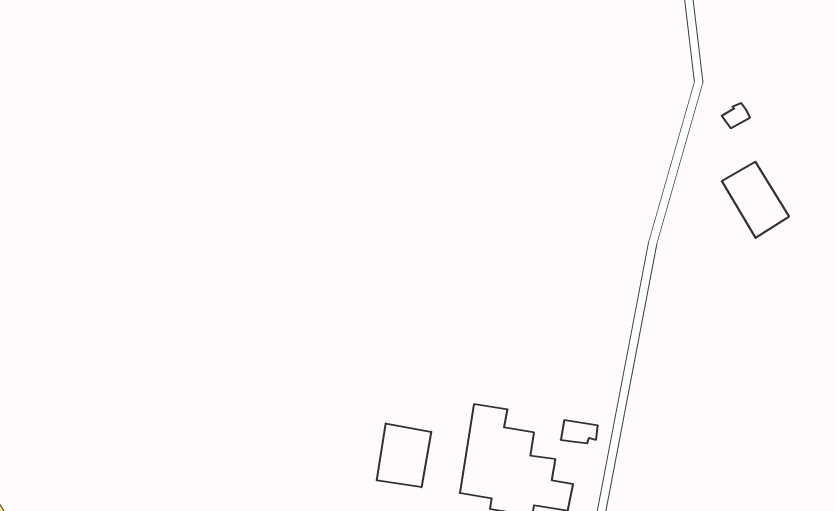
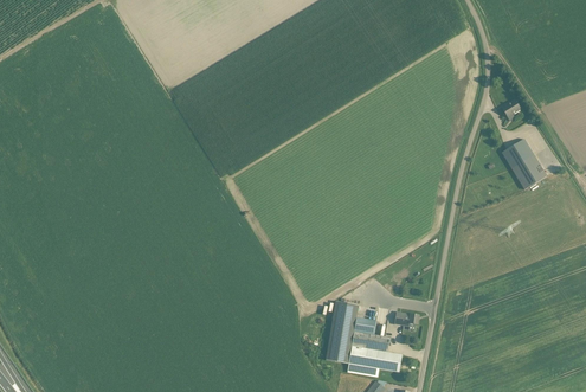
building: [377,423,431,487] -> none

